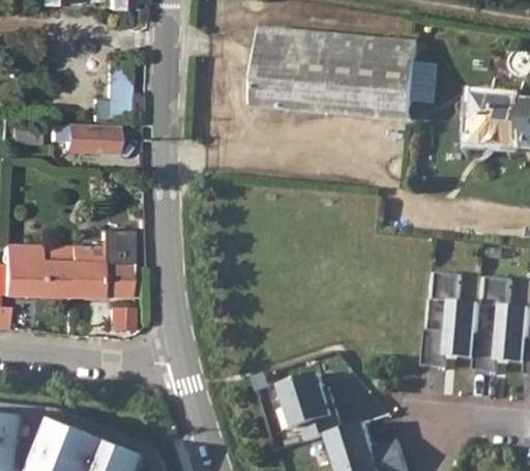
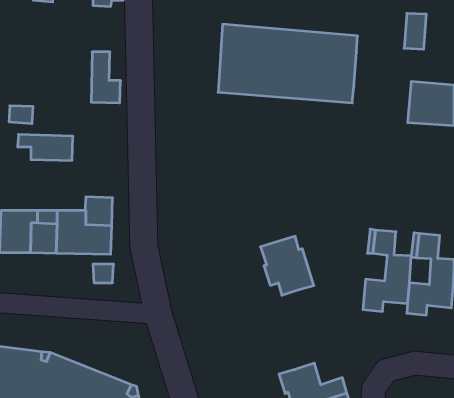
building: [410,63,436,105] -> [404,13,426,49]
building: [48,124,112,154] -> [18,134,73,160]
building: [279,374,342,442] -> [260,236,314,295]

